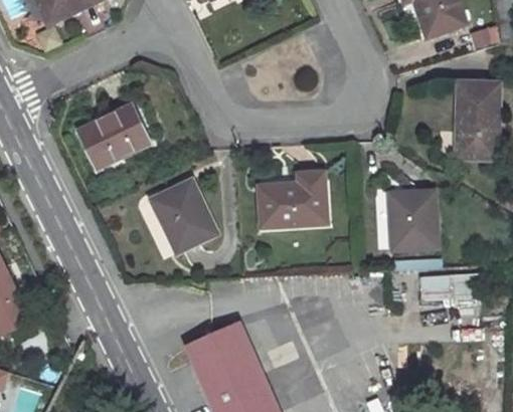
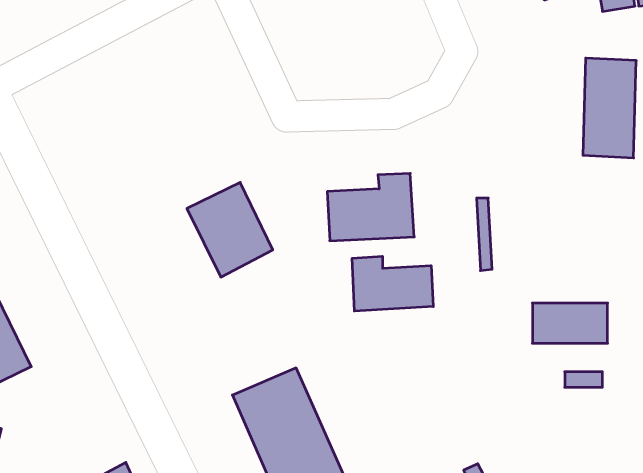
building: [79,106,151,168] -> none
building: [390,192,438,249] -> none
building: none -> [352,256,433,311]

